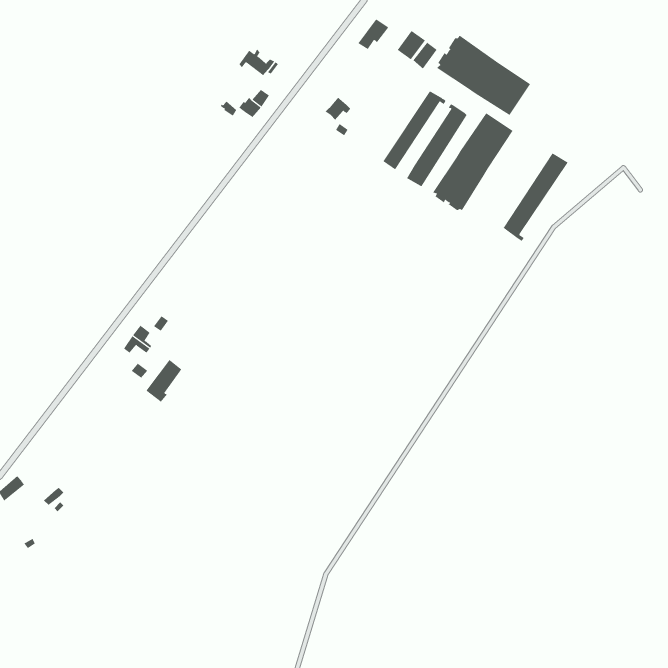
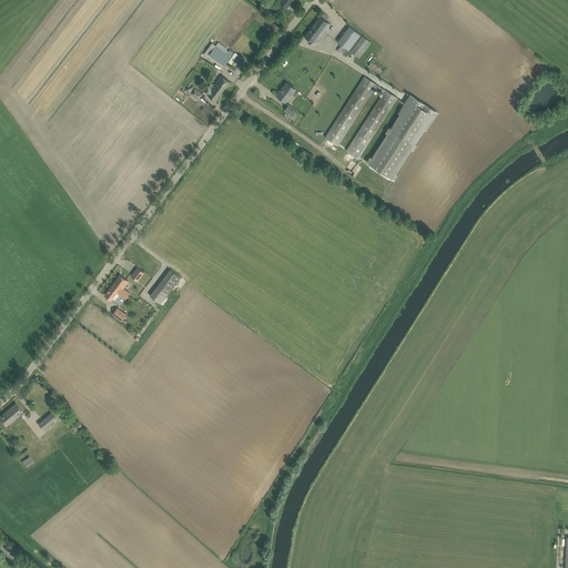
building: [436,35,531,116] -> none
building: [503,152,568,242] -> none
building: [146,359,182,402] -> [149,270,180,306]

